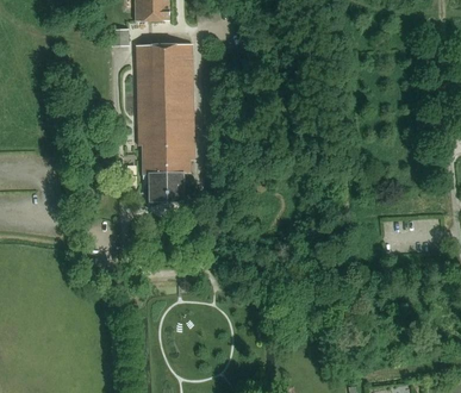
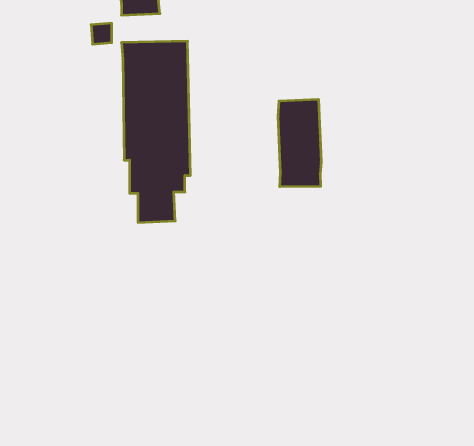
building: none -> [278,99,321,187]

